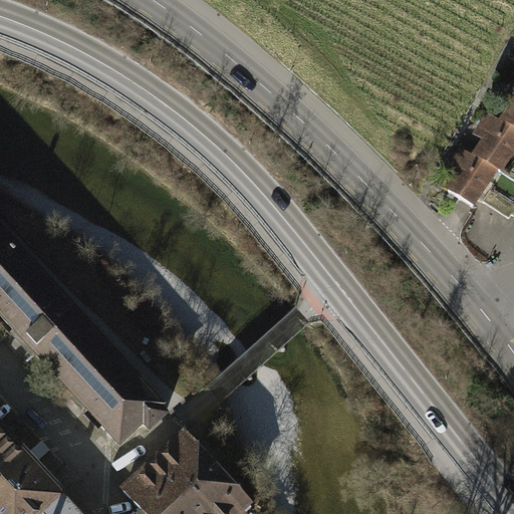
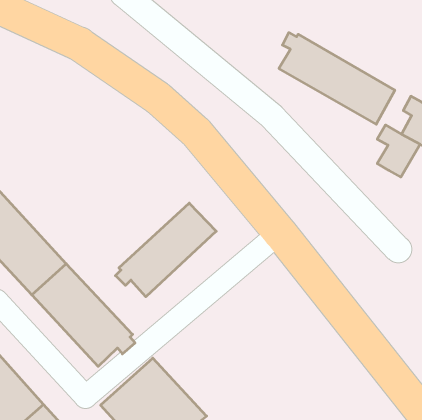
building: none -> [279,33,395,124]
building: none -> [115,203,216,297]

